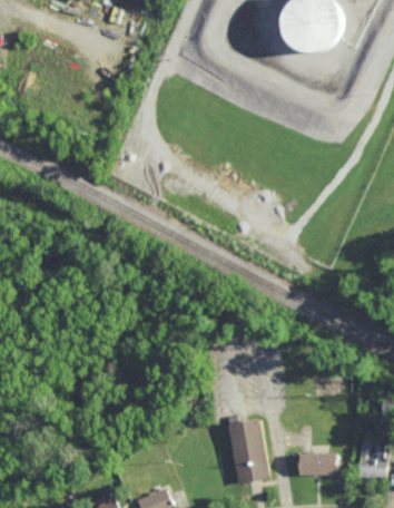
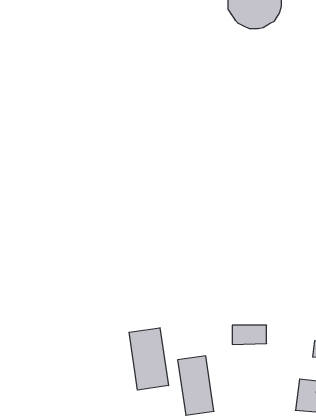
building: none -> [129,328,168,390]
building: [298,452,336,473] -> [232,325,267,344]

